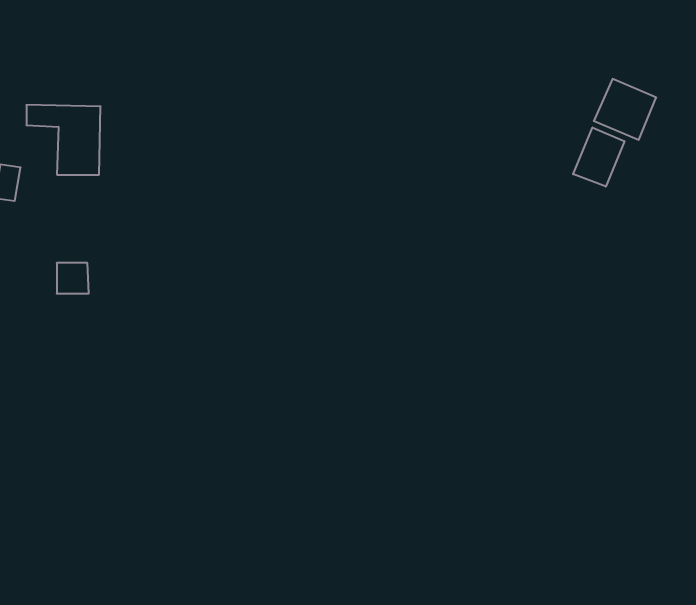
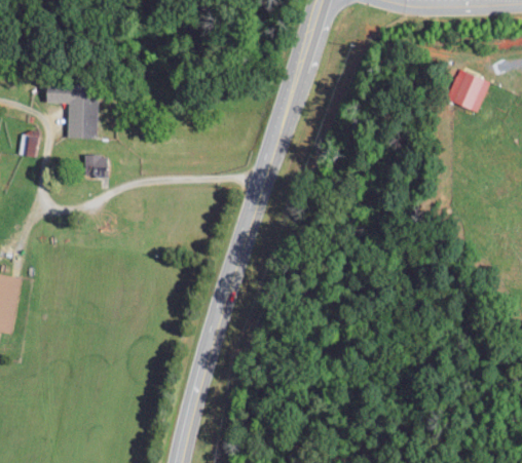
building: [573,127,624,187] -> none
building: [57,263,89,294] -> [84,155,107,177]

